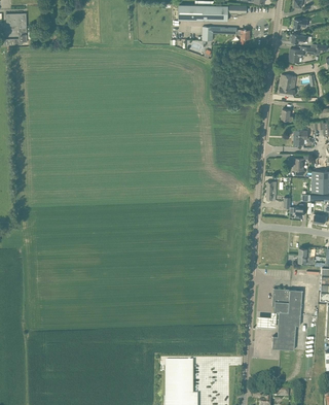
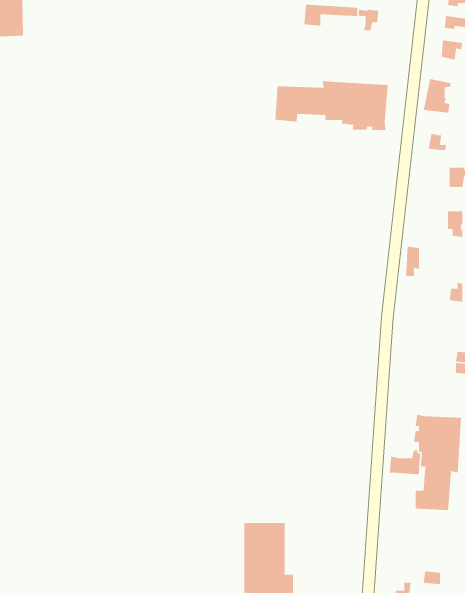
building: none -> [274,80,388,131]

